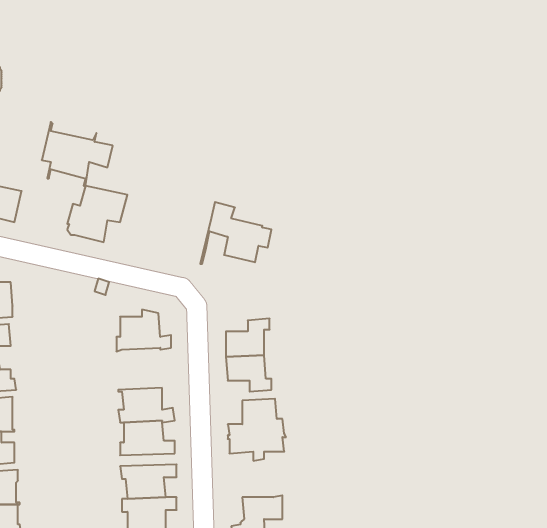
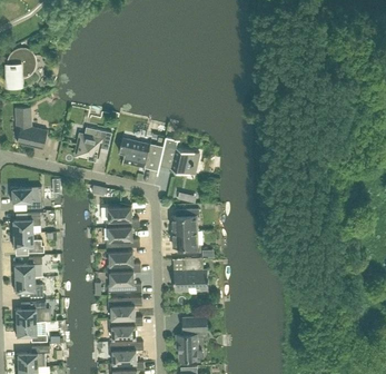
building: [42,122,113,186] -> [118,132,161,171]
building: none -> [107,226,140,247]

